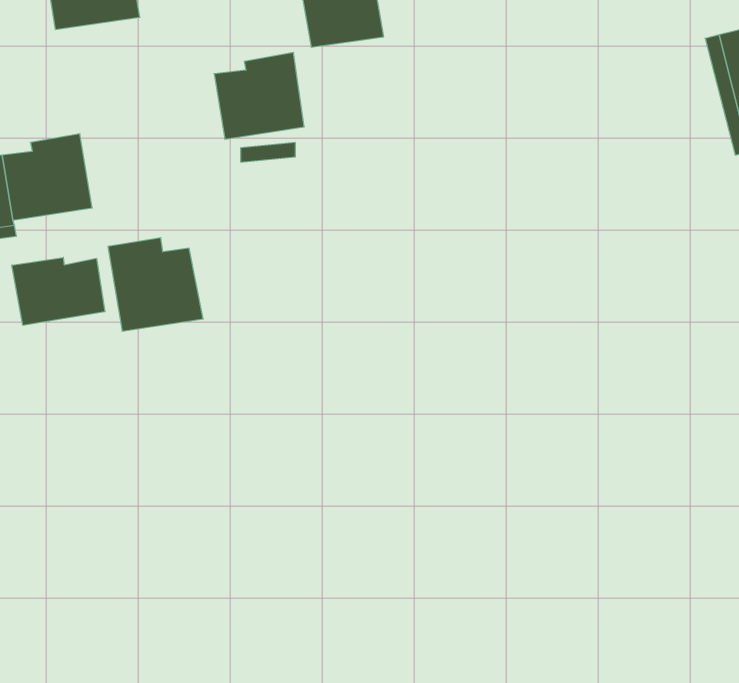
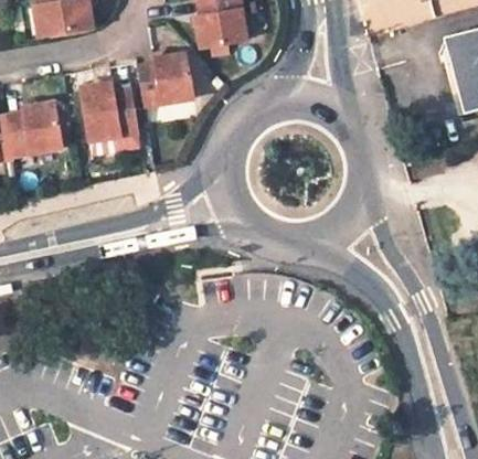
building: [108,238,203,331] -> [81,78,140,137]
building: [12,257,105,325] -> none

